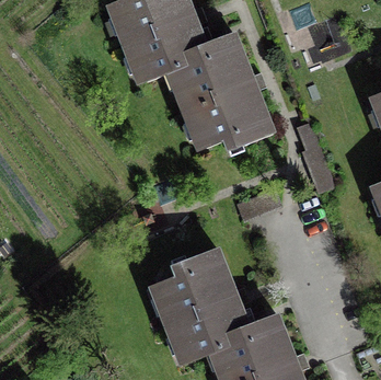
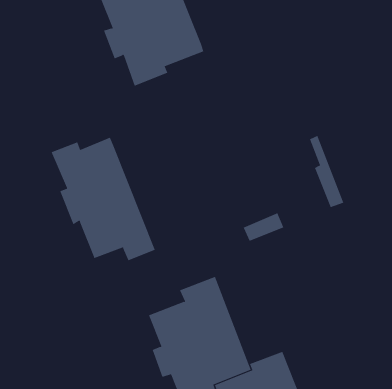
building: [173,34,273,148] -> none
building: none -> [51,137,155,261]

